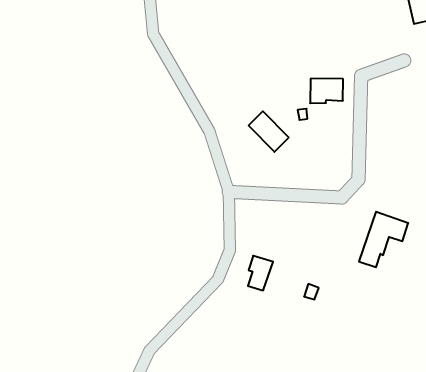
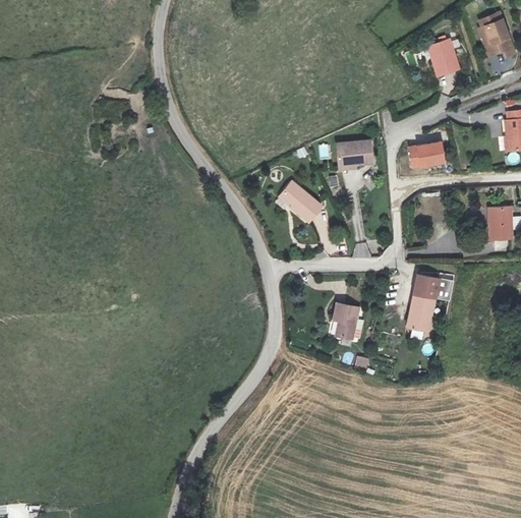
building: none -> [411,141,446,168]
building: [248,256,273,290] -> [334,304,358,339]

